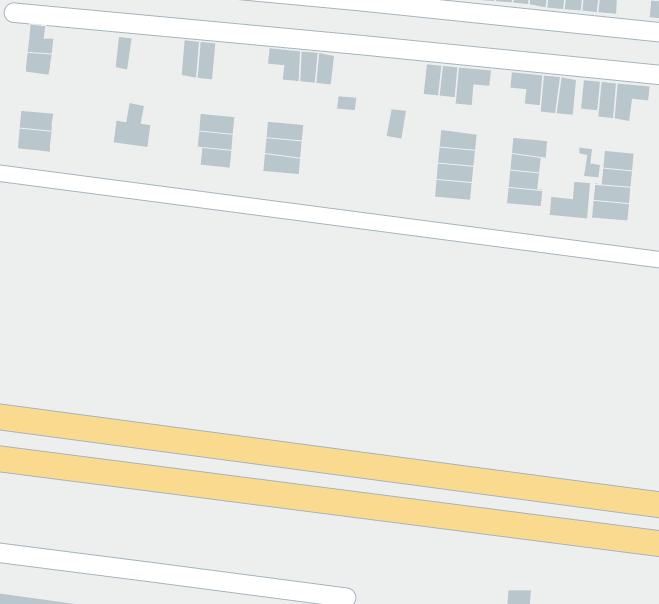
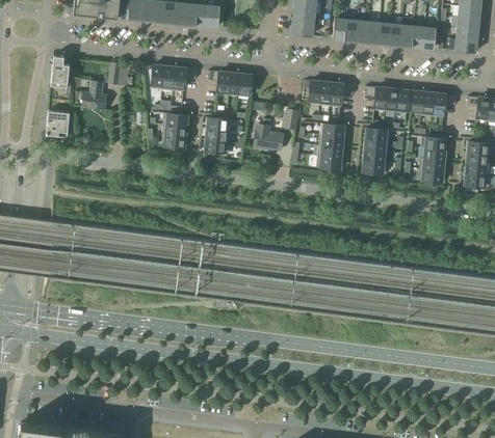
building: none -> [173,66,197,91]
building: [113,103,151,147] -> [82,80,107,109]
building: none -> [254,118,284,149]
building: [549,181,591,219] -> none

